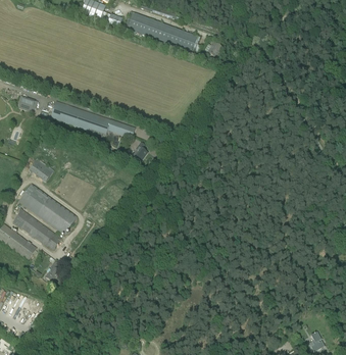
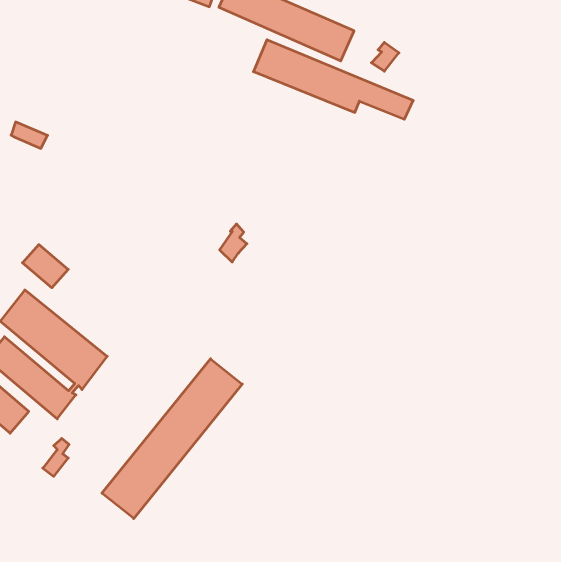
building: [50,100,136,138] -> [253,40,413,119]
building: none -> [102,359,242,519]

